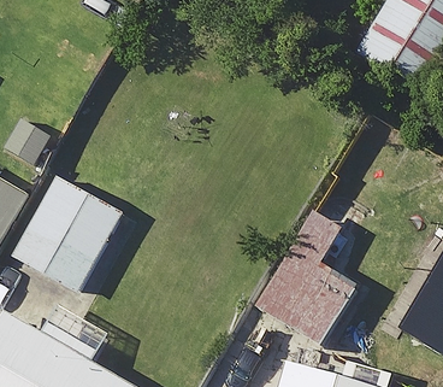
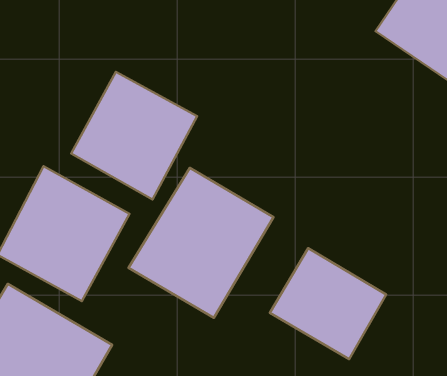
building: none -> [71,72,197,200]
building: none -> [128,168,273,318]

